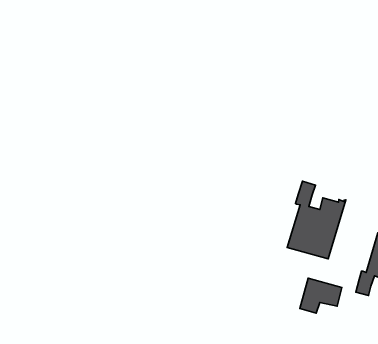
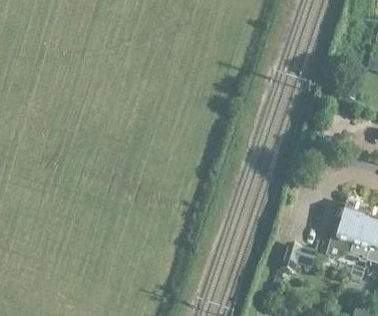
building: [287,181,346,259] -> none

